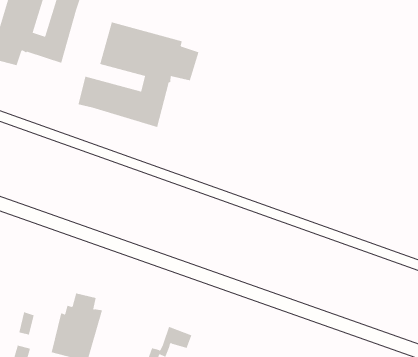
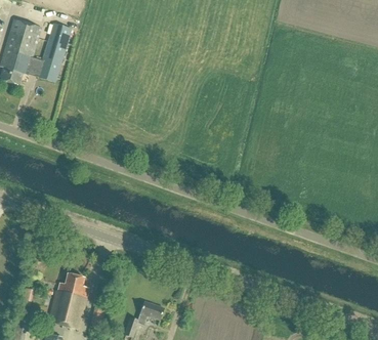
building: [78,22,199,128] -> none

